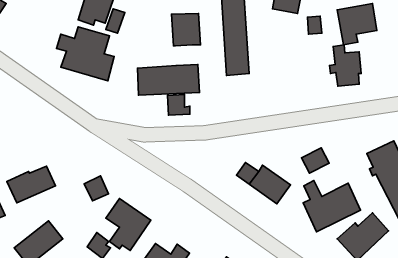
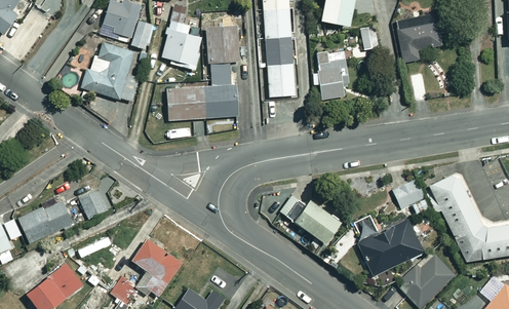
building: none -> [163,21,202,69]
building: [330,45,361,86] -> [313,51,349,99]
building: [167,94,190,115] -> [211,62,237,85]
building: [301,148,329,173] -> [393,179,425,207]
building: [84,176,109,201] -> [80,189,108,218]

